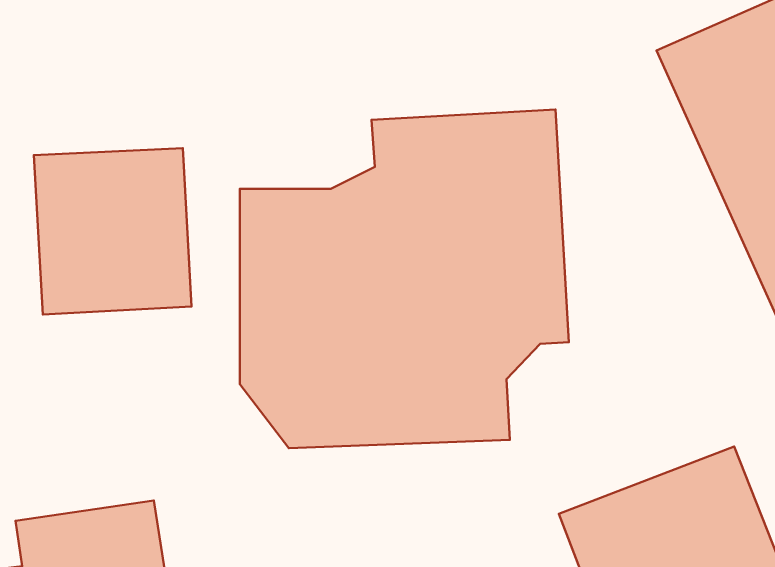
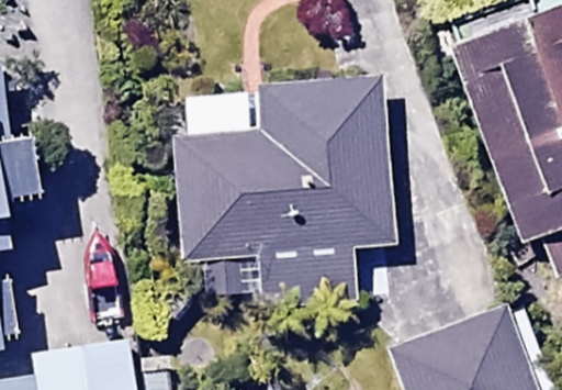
building: [34,148,192,315] -> none

